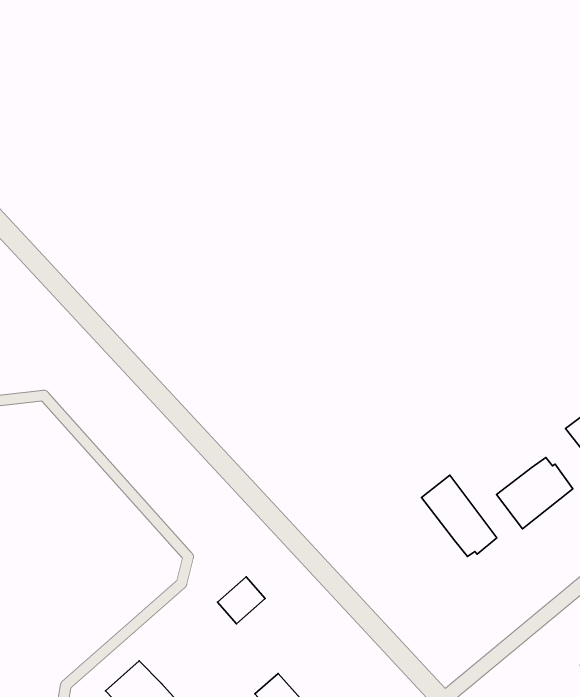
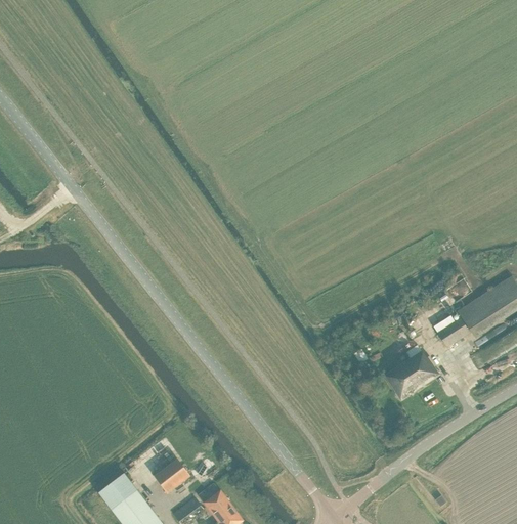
building: [422,475,497,557] -> none
building: [218,577,265,624] -> [155,461,188,493]

